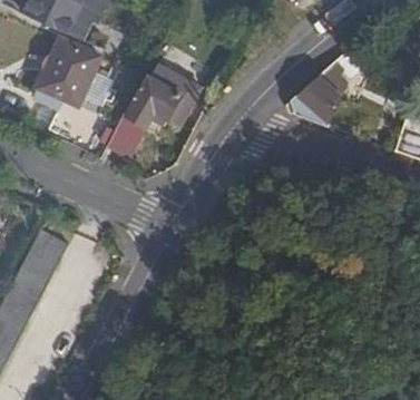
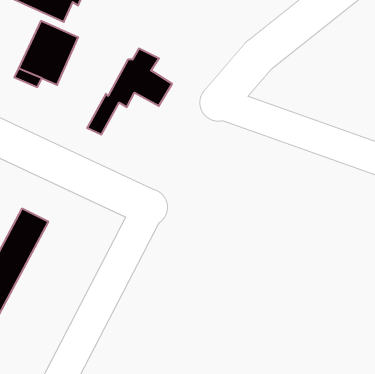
building: [291,49,355,125] -> none

